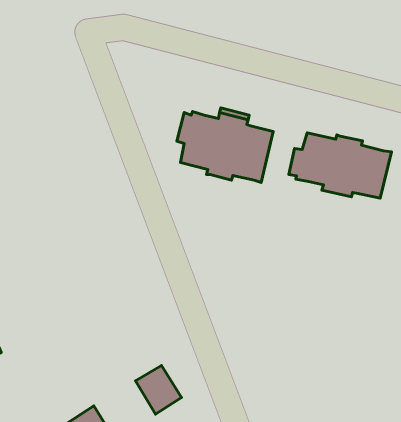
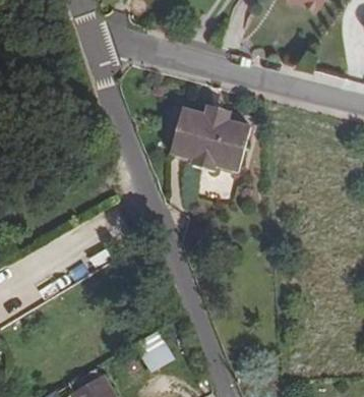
building: [289,133,391,198] -> none

